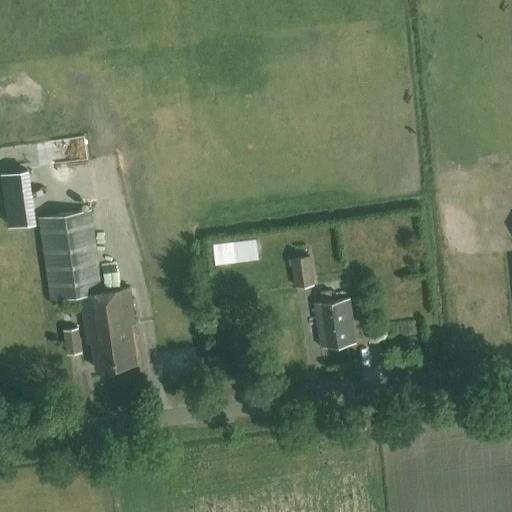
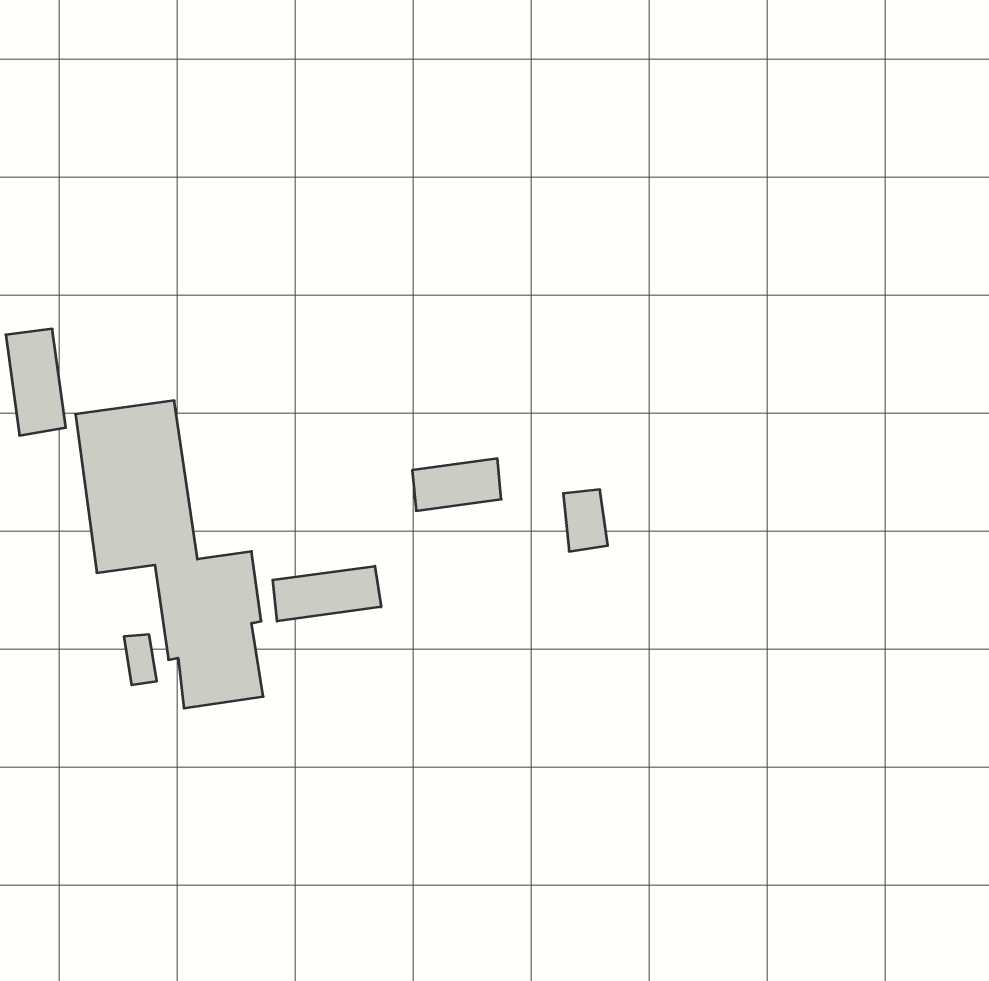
building: none -> [273,566,381,621]
building: [314,299,355,348] -> none

